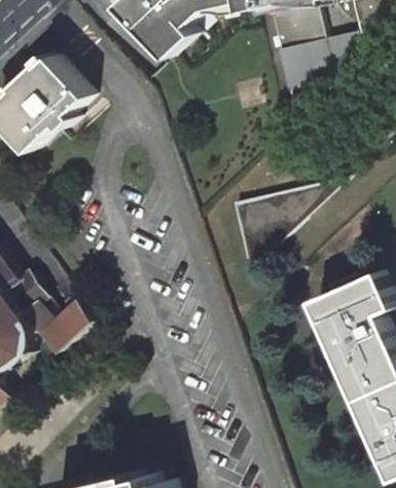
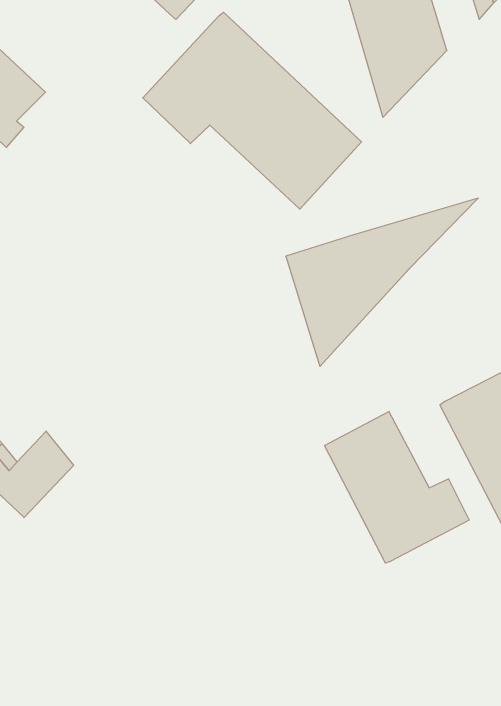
building: none -> [143,12,362,209]
building: none -> [325,411,469,563]

